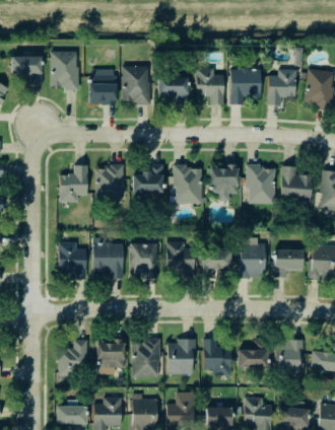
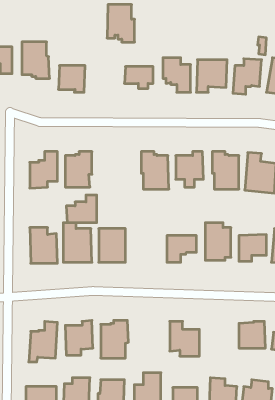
building: [122,66,150,104] -> [107,5,135,42]
building: [131,164,162,193] -> [66,195,97,223]
building: [168,240,195,277] -> none
building: [168,338,196,372] -> none
building: [237,339,267,366] -> none

